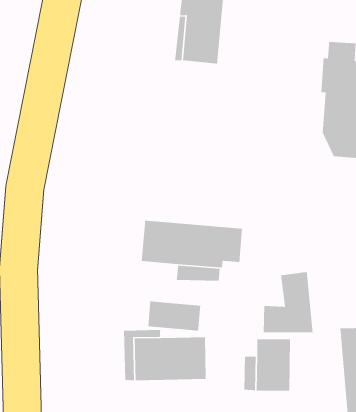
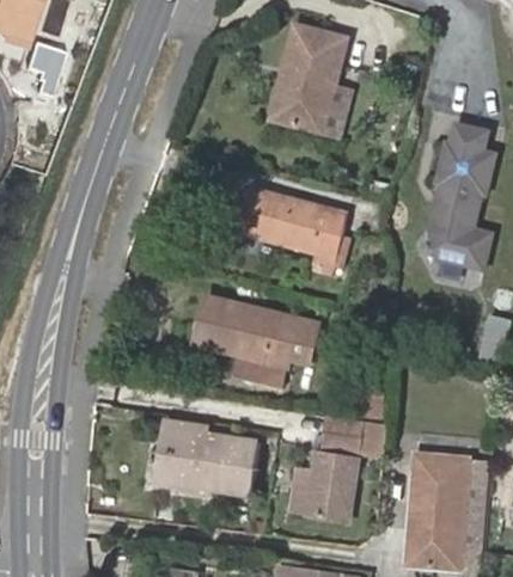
building: none -> [238,186,346,268]
building: [147,301,201,331] -> none

